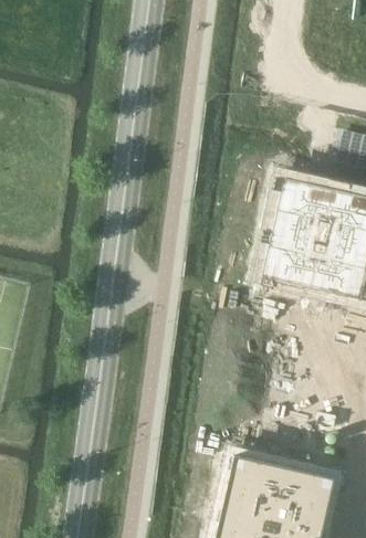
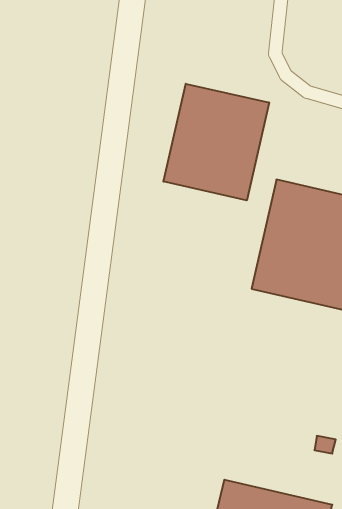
building: none -> [163,84,269,200]

